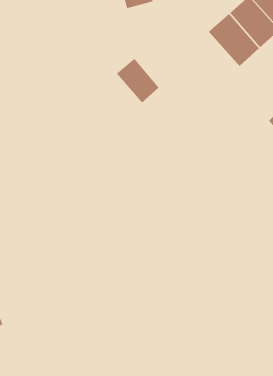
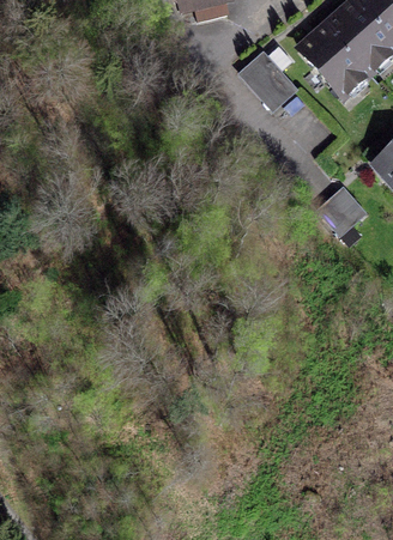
building: [116,58,160,103] -> [238,50,295,109]
building: none -> [318,186,364,232]

